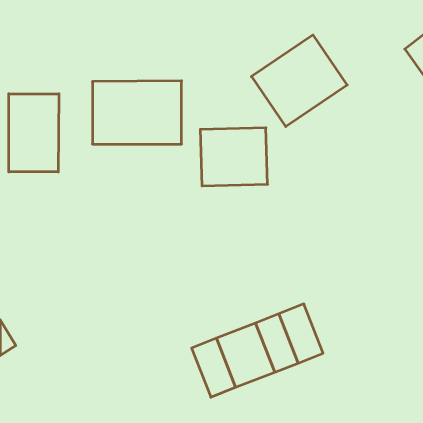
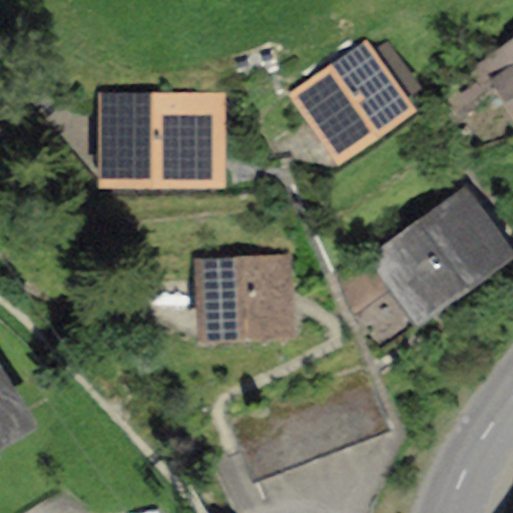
building: [9,94,59,172] -> none
building: [200,128,268,186] -> [207,259,289,329]
building: none -> [371,199,503,321]

